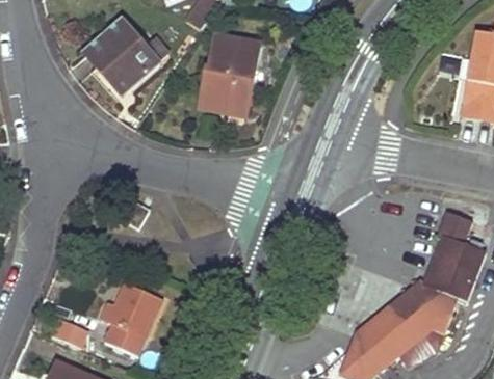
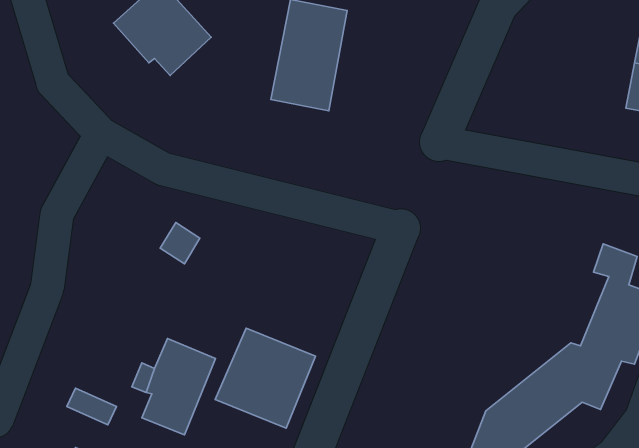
building: none -> [215,328,315,428]

